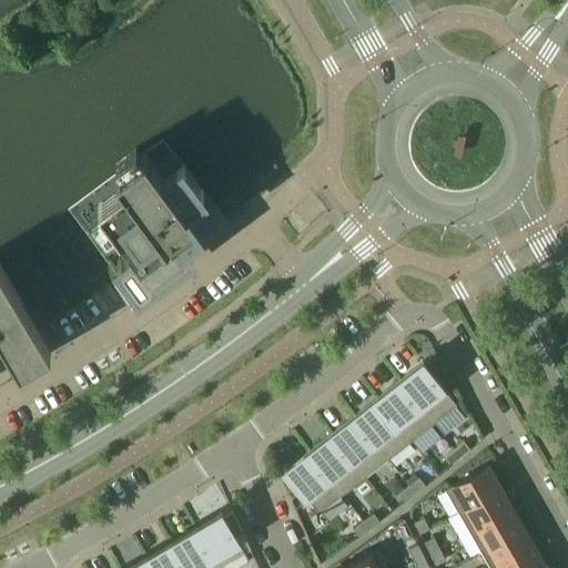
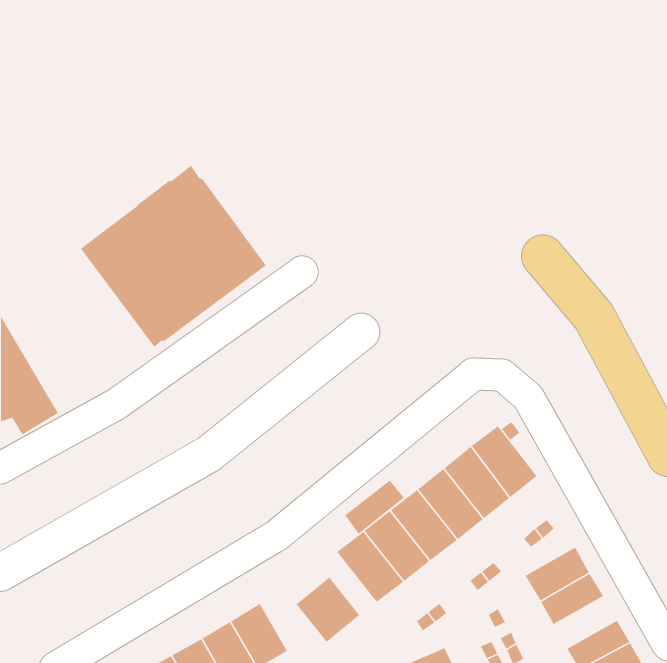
building: none -> [344,480,405,535]
building: none -> [296,576,360,643]
building: [470,510,525,555] -> none

